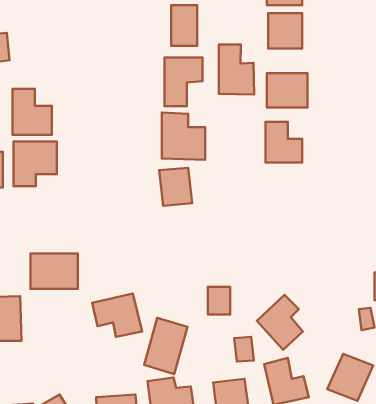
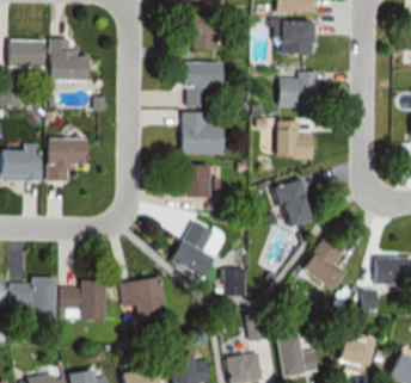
building: [219,44,254,94] -> none
building: [13,89,52,135] -> [50,38,86,80]
building: none -> [275,179,312,227]
building: [31,253,78,289] -> [61,283,104,315]
building: [257,295,303,350] -> [302,241,344,291]
building: [144,318,187,374] -> [176,221,215,272]

